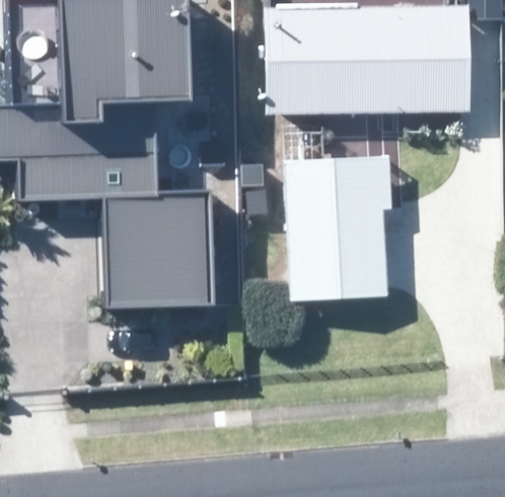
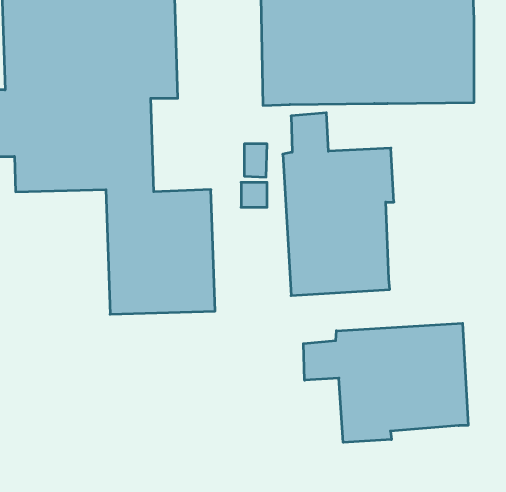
building: none -> [303,323,468,442]

